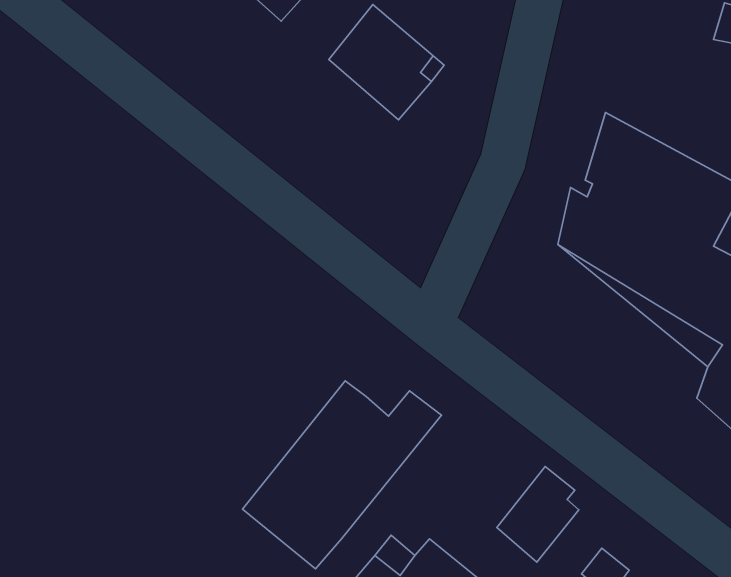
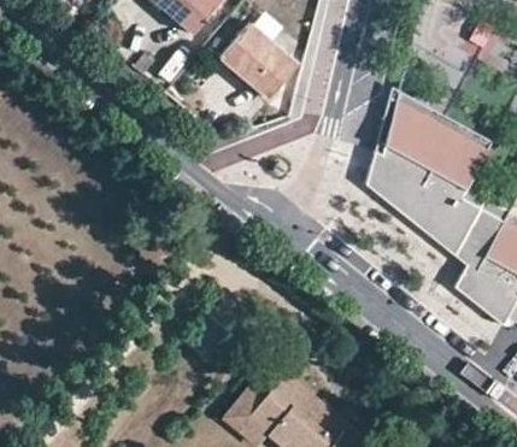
building: [242,381,441,569] -> none
building: [497,467,579,562] -> none

